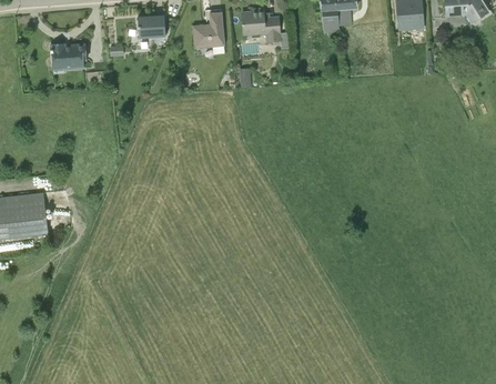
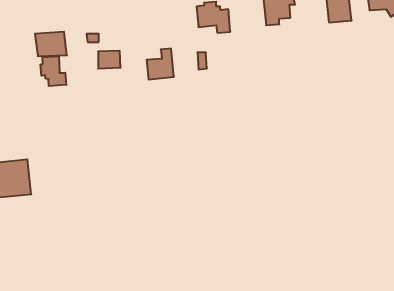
building: [193,12,225,49] -> [147,49,174,80]
building: [139,17,165,38] -> [98,51,121,69]
building: none -> [41,56,66,86]

